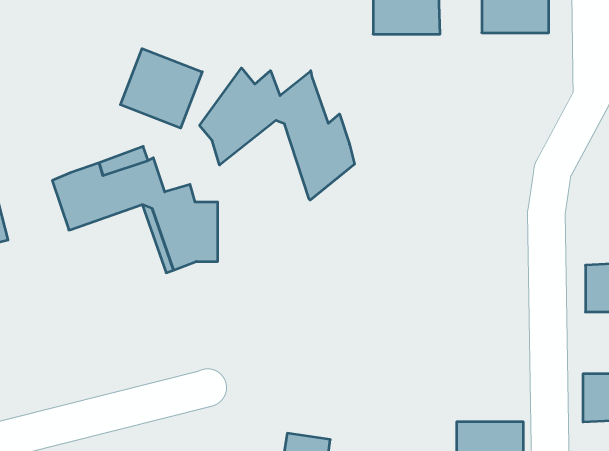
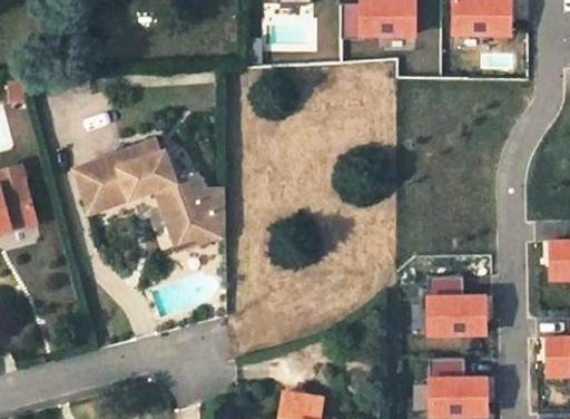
building: [120,49,202,128] -> none
building: [200,68,355,200] -> none
building: none -> [431,296,490,339]

